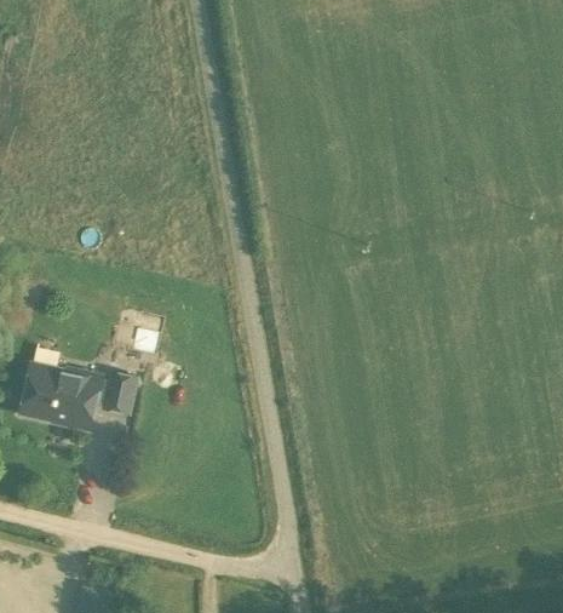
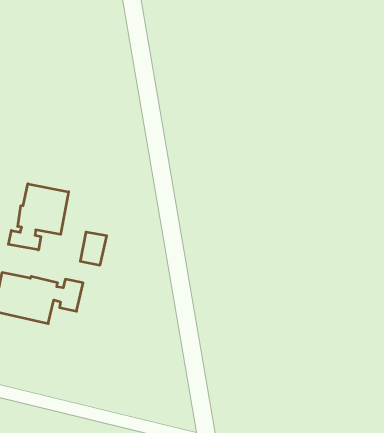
building: none -> [8,184,69,250]

